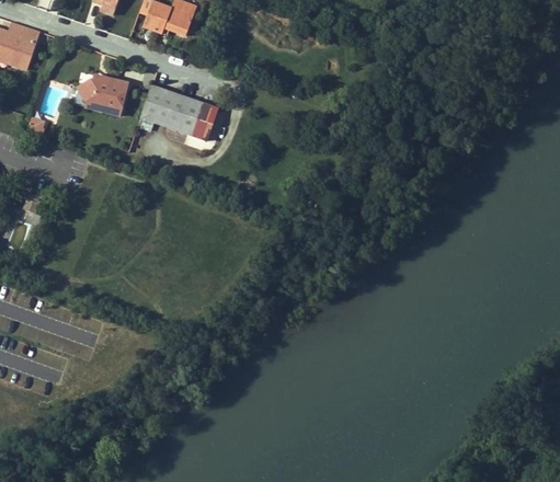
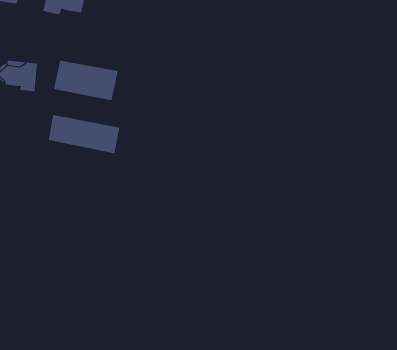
building: none -> [48,114,120,154]

